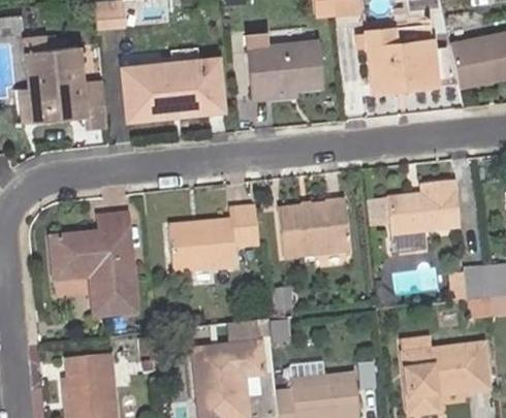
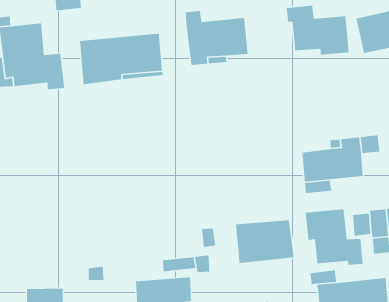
building: [276,205,346,258] -> [235,220,295,264]
building: [163,210,254,274] -> none
building: [49,217,133,317] -> none
building: none -> [305,209,364,266]

